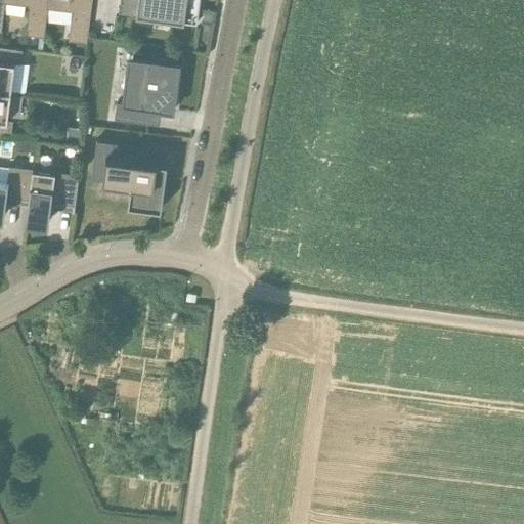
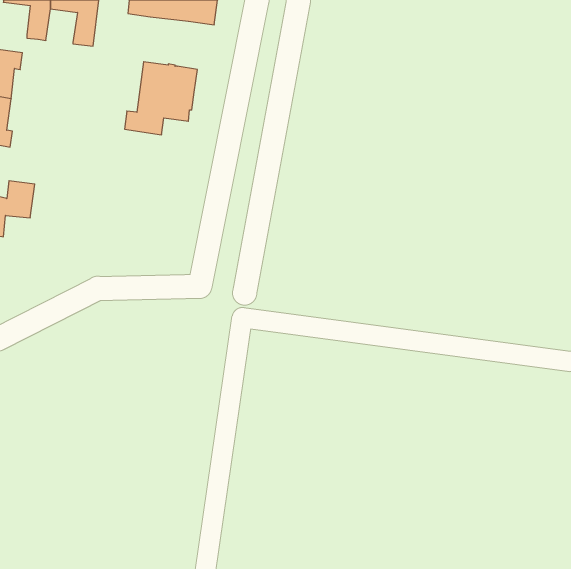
building: [90,143,166,213] -> none
building: [25,172,78,226] -> none

